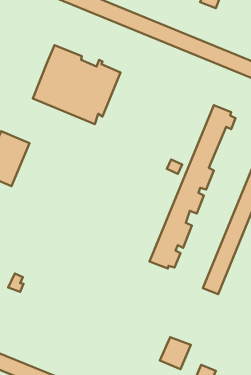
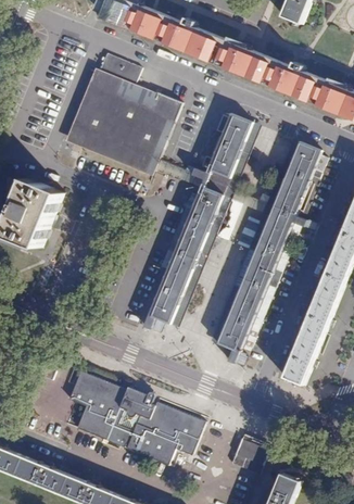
building: none -> [94,53,137,84]
building: none -> [199,117,250,188]
building: none -> [147,188,220,325]
building: none -> [69,375,204,467]

